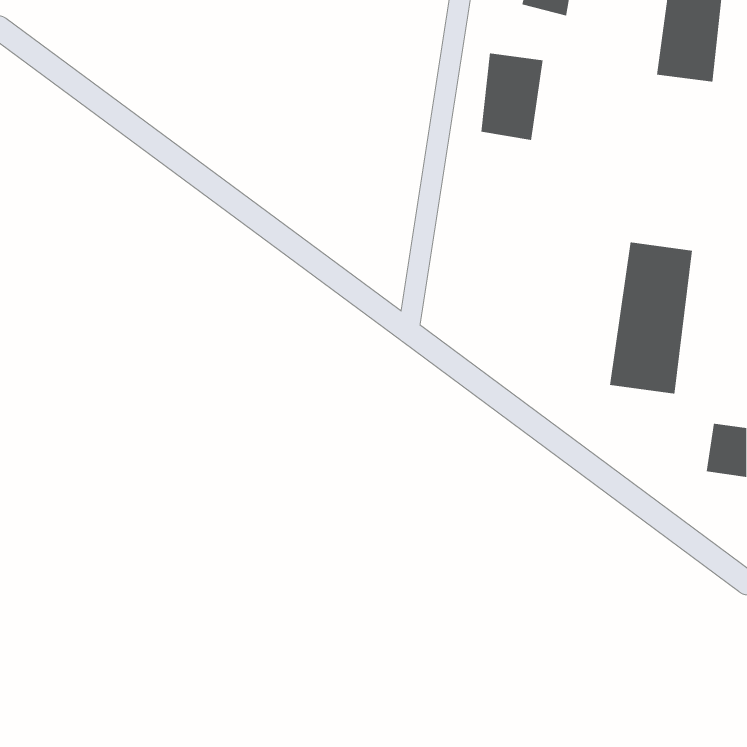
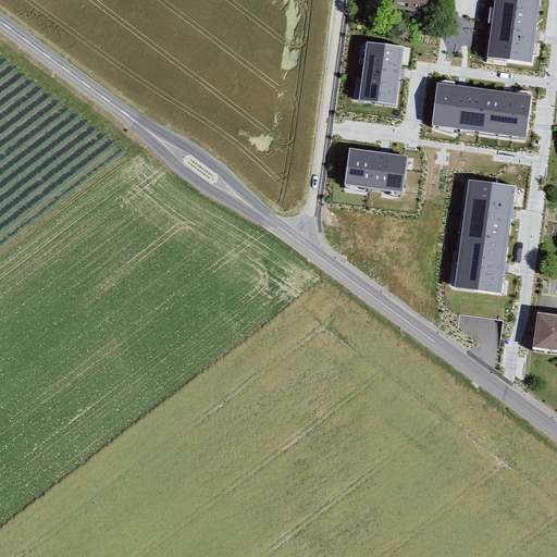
building: none -> [432,82,531,135]
building: none -> [343,147,405,193]

